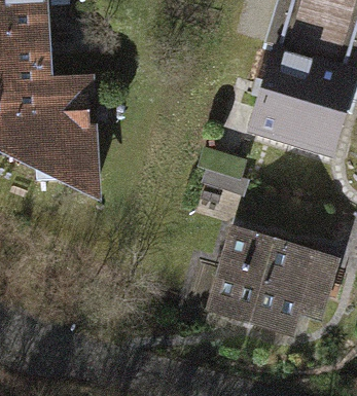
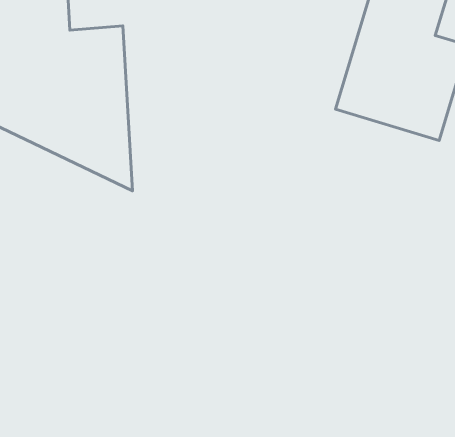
building: [208,227,335,335] -> none

